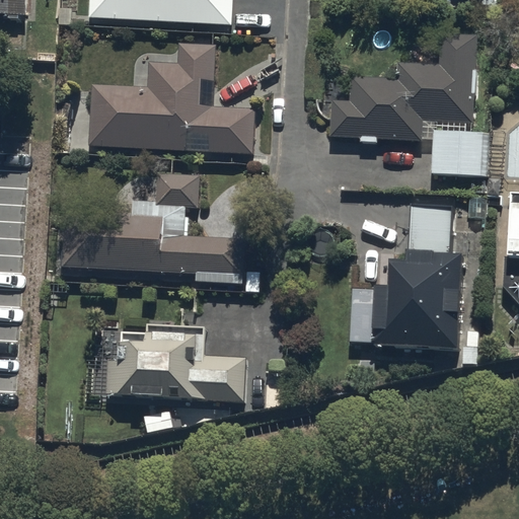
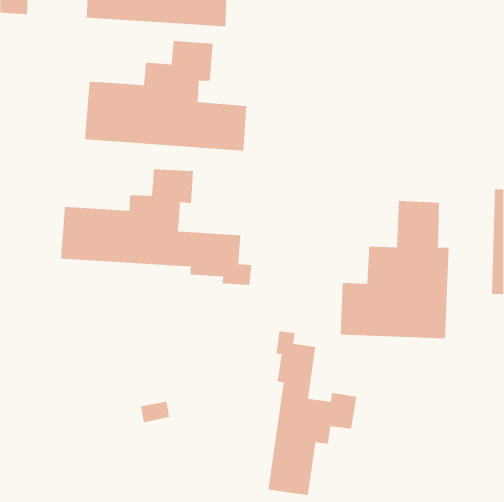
building: [329,33,488,174] -> none
building: [109,326,250,400] -> none
building: none -> [268,331,357,496]

